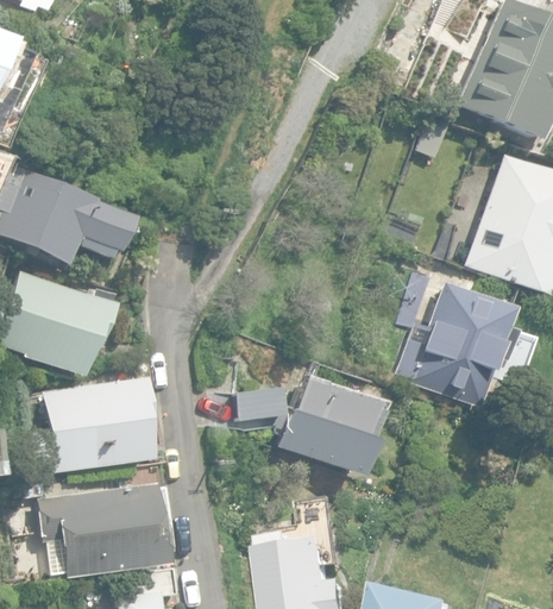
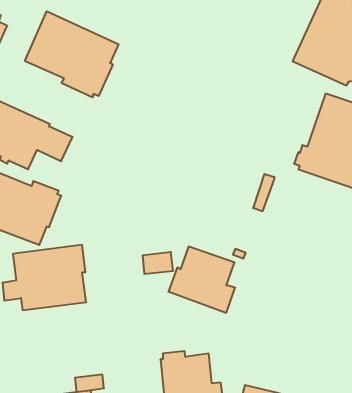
building: none -> [25,11,118,97]
building: [410,282,520,407] -> none
building: [40,484,168,577] -> none

